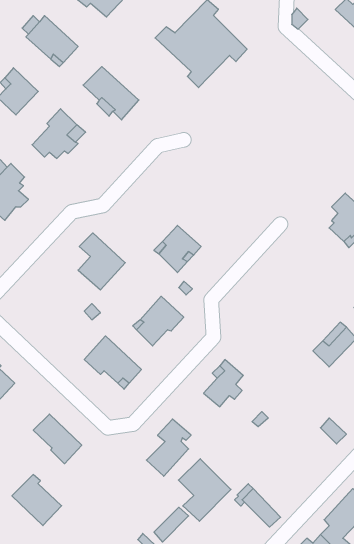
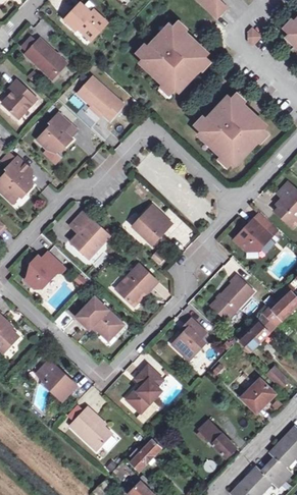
building: none -> [192,95,265,168]
building: none -> [233,218,270,250]
building: none -> [22,253,62,288]
building: none -> [213,276,255,322]
building: none -> [238,311,276,349]
building: none -> [243,376,276,410]
building: [178,459,231,521] -> none
building: [12,475,62,526] -> [69,409,110,451]

